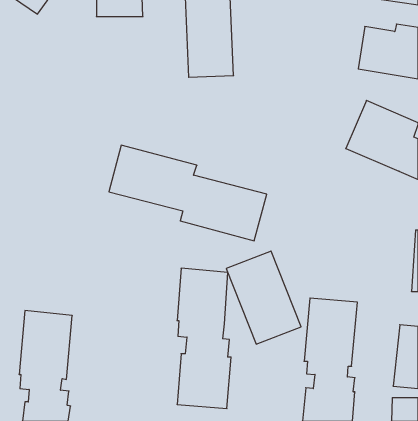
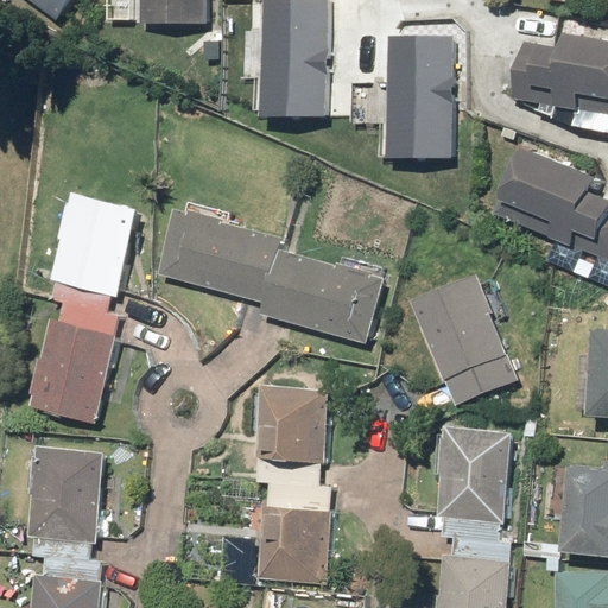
building: none -> [386,26,454,147]
building: none -> [27,192,137,423]
building: [226,251,301,344] -> [408,274,515,407]

